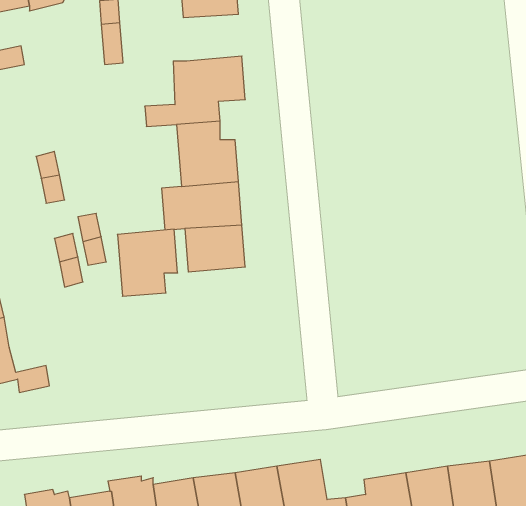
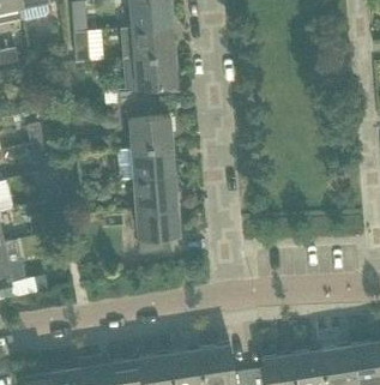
building: none -> [122,26,174,60]
building: [117,229,178,296] -> [135,207,179,255]

